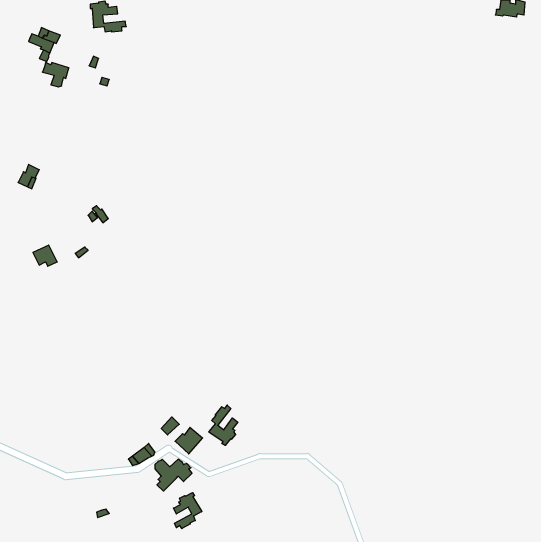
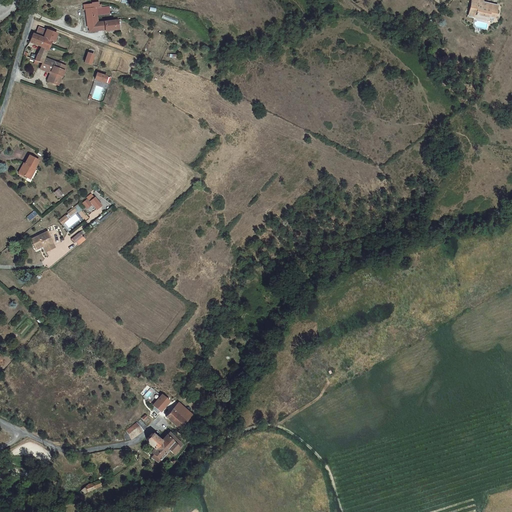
building: [209,405,238,445] -> none
building: [173,493,202,529] -> none

